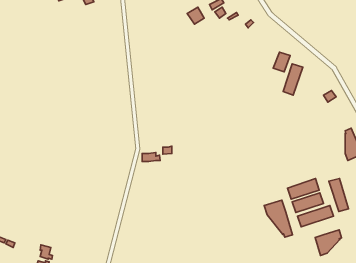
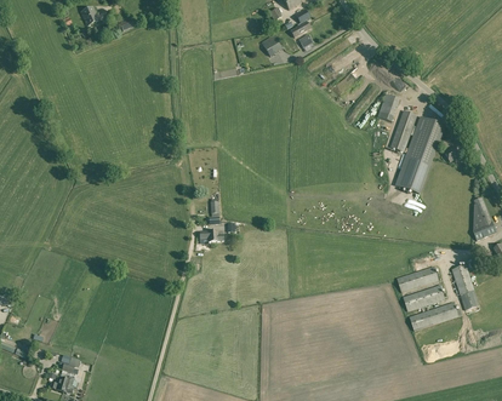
building: none -> [397,116,444,194]
building: [264,200,293,237] -> none
building: [315,230,341,255] -> none

